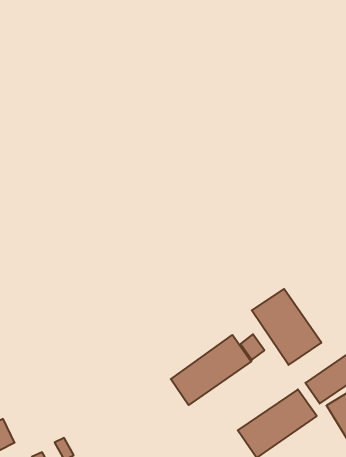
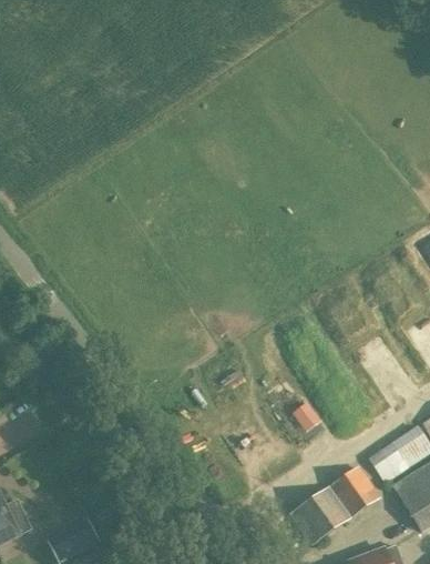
building: [252,289,321,365] -> none
building: [171,335,251,405] -> none

